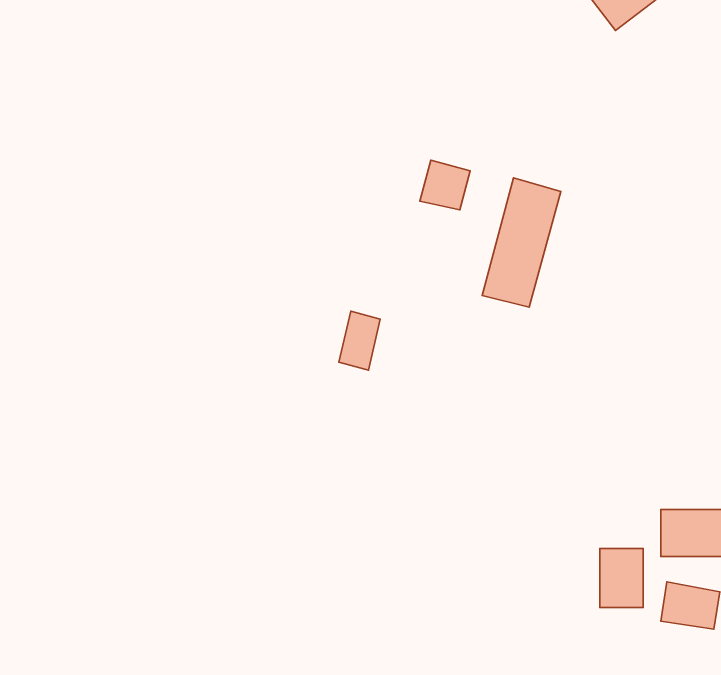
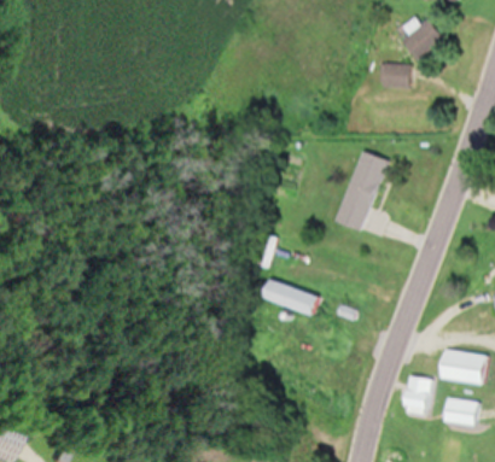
building: none -> [378,65,408,87]
building: [420,160,470,210] -> none
building: none -> [266,280,325,316]

